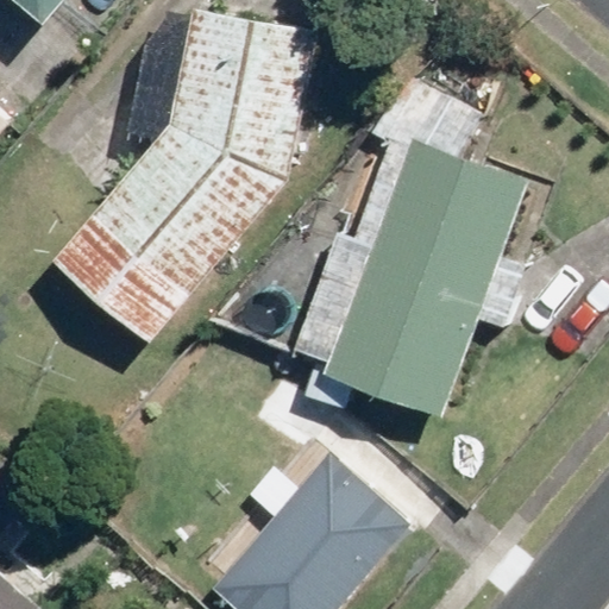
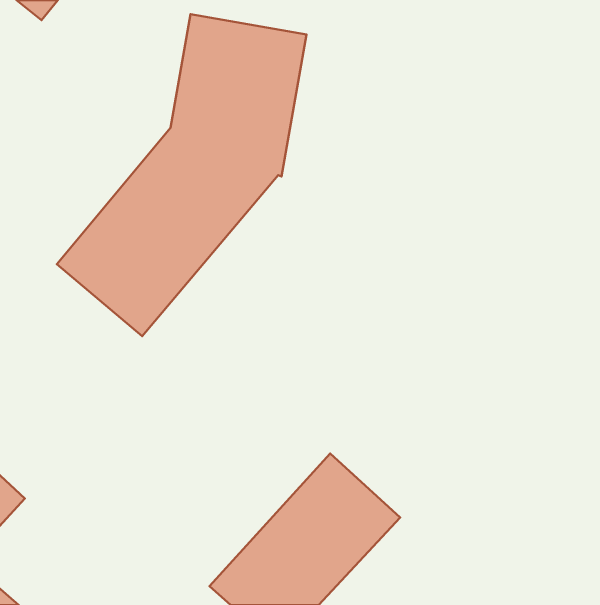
building: [337,155,511,414] -> none

